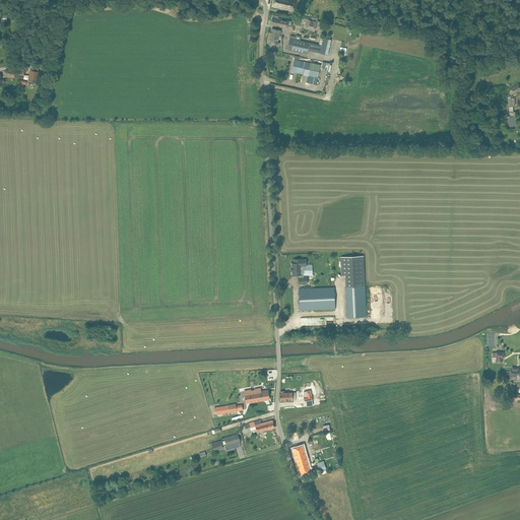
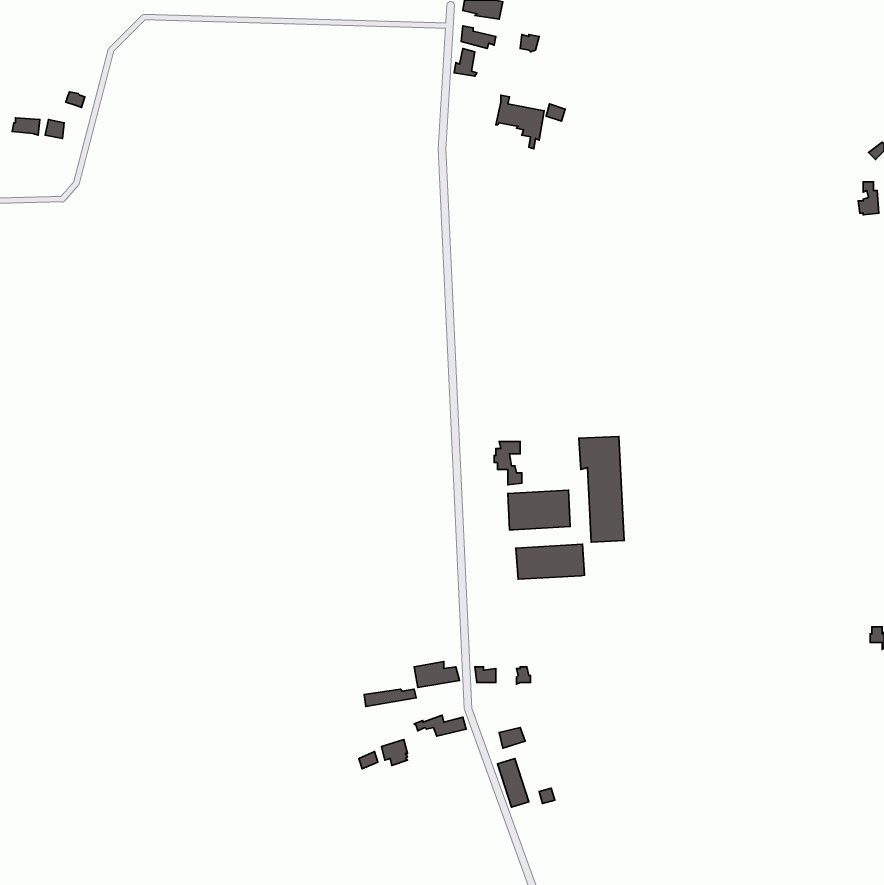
building: [285,36,329,55] -> none
building: none -> [516,544,585,579]

